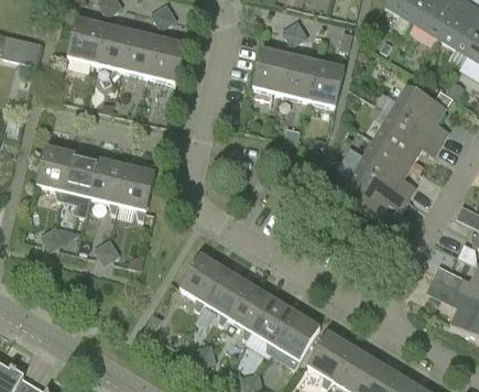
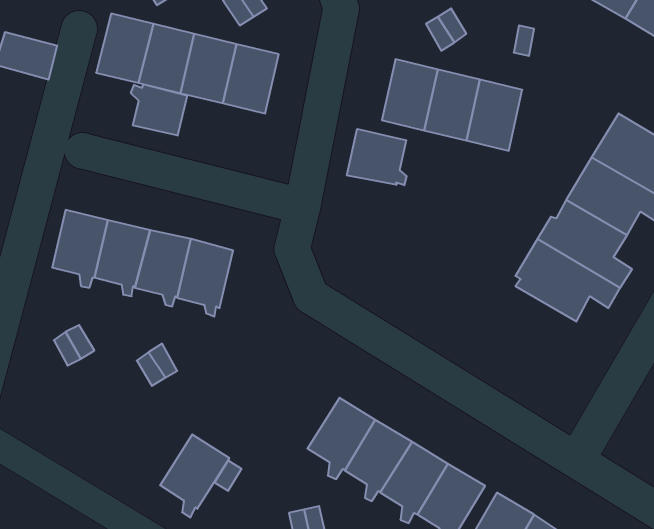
building: none -> [131,84,187,136]
building: none -> [347,129,407,185]
building: [179,253,225,307] -> [160,434,229,517]

